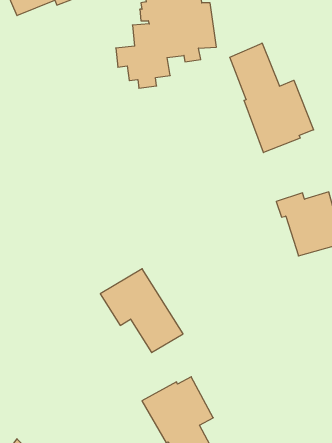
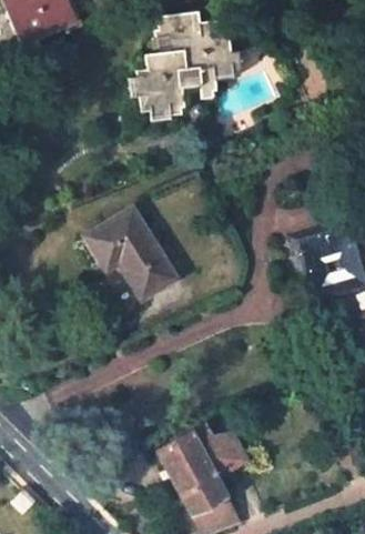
building: [230,43,314,153] -> none
building: [100,269,183,353] -> [88,210,175,299]

